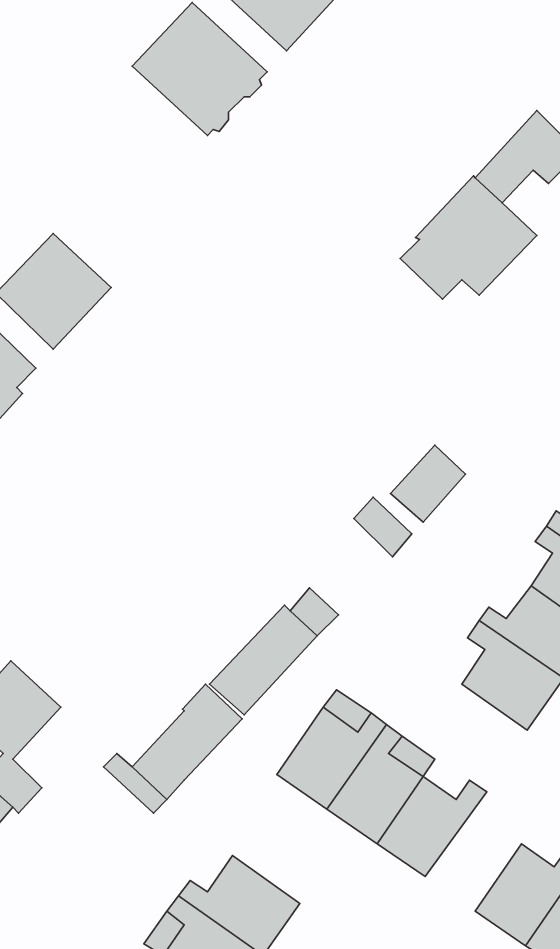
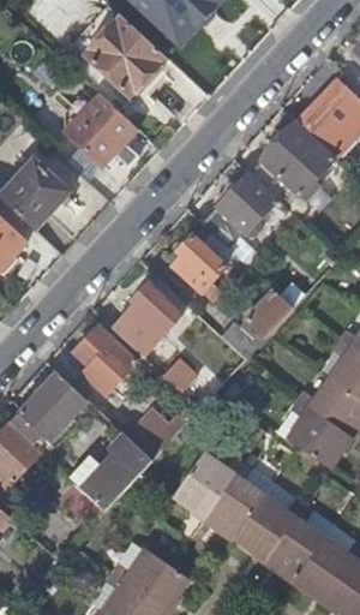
building: none -> [65,95,138,167]
building: none -> [203,173,277,250]
building: none -> [173,237,227,300]
building: none -> [127,285,182,334]
building: none -> [74,322,138,395]
building: none -> [11,371,88,450]
building: none -> [266,507,326,581]

